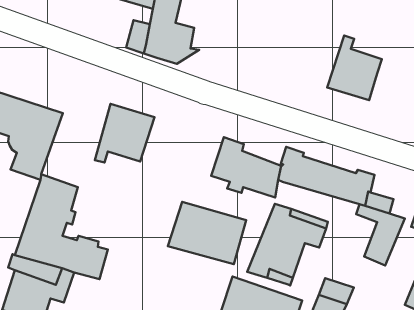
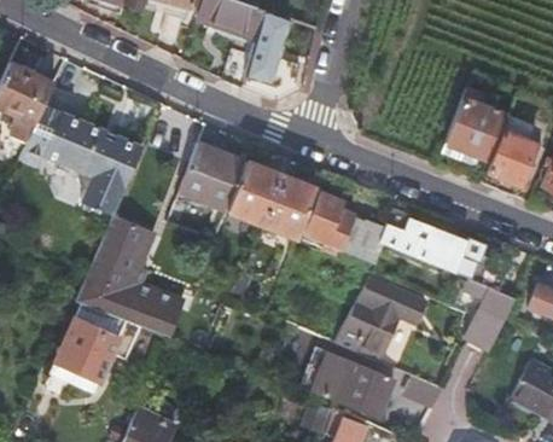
building: none -> [483,132,534,185]
building: [168,202,246,264] -> [225,161,315,235]

